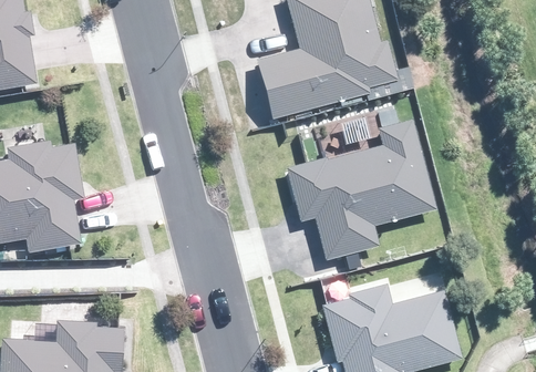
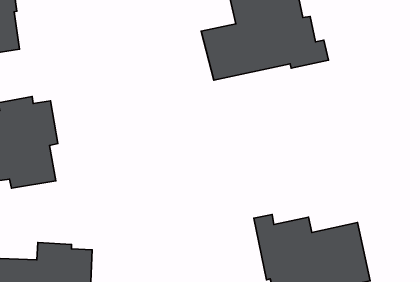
building: [286,108,440,258] -> none

